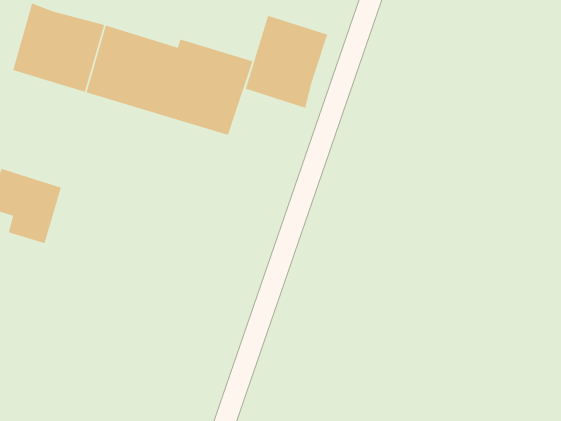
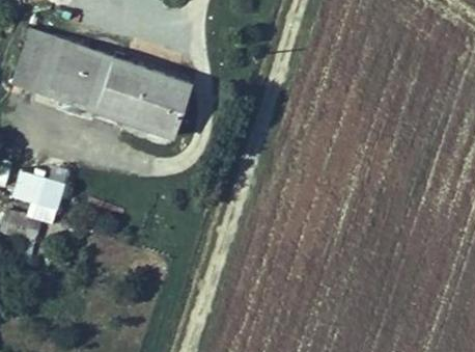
building: [245,15,328,109] -> none

